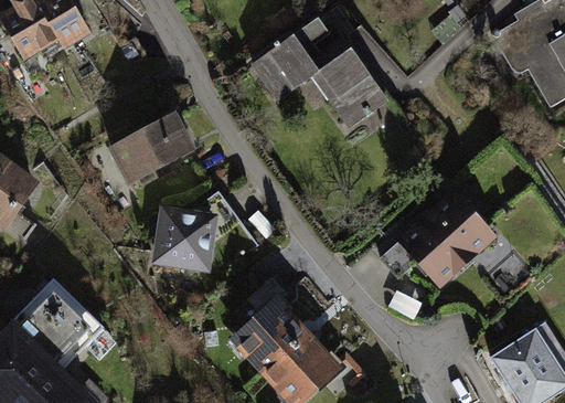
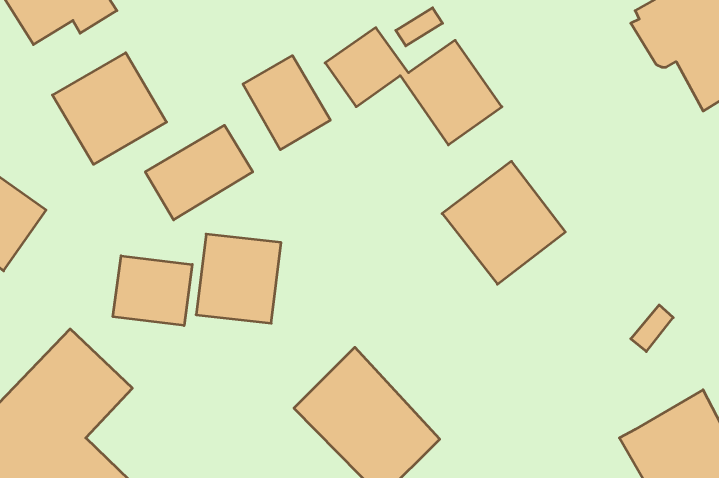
building: none -> [52,53,167,164]
building: none -> [243,56,330,150]
building: [403,198,499,294] -> [442,161,565,284]
building: none -> [113,256,192,326]

